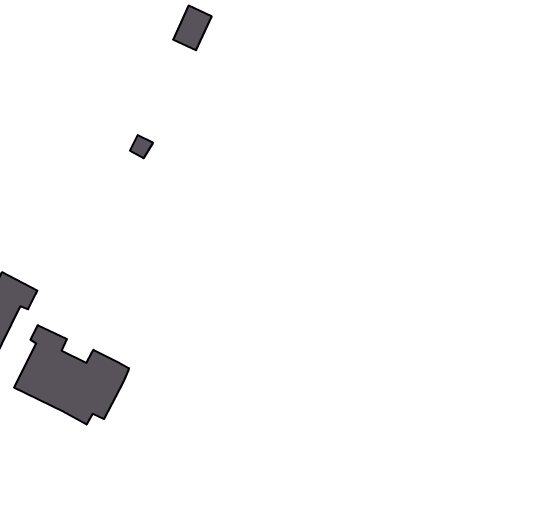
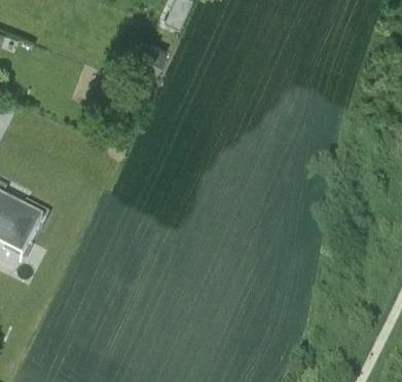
building: [14,325,129,425] -> none

